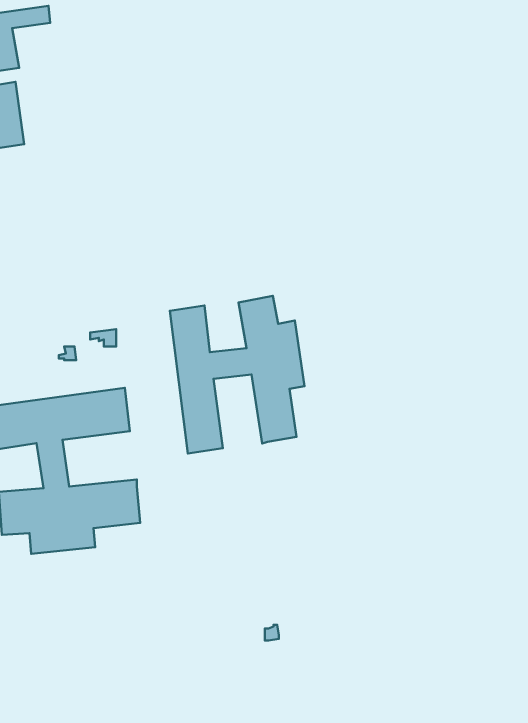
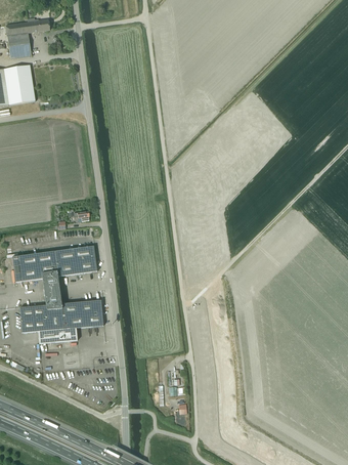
building: [170,296,305,453] -> none

